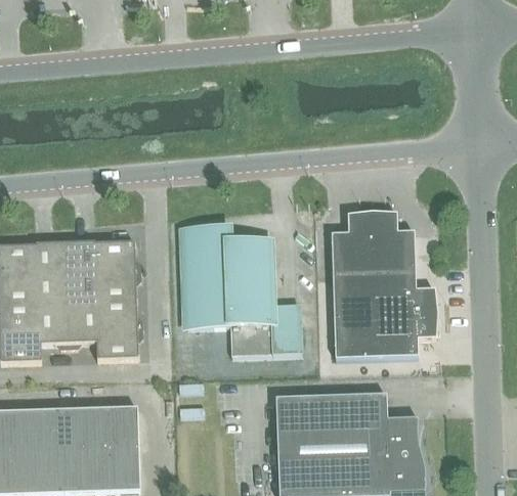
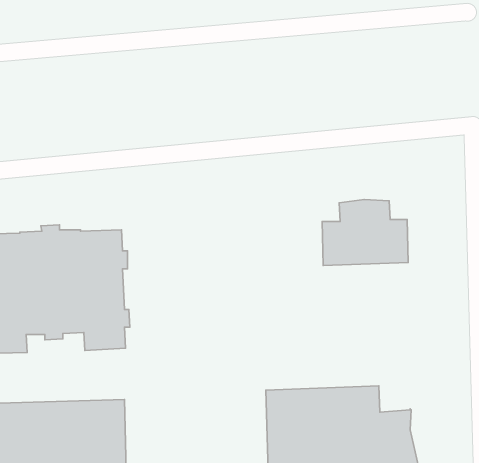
building: [183,226,302,355] -> none
building: [332,272,437,357] -> none

